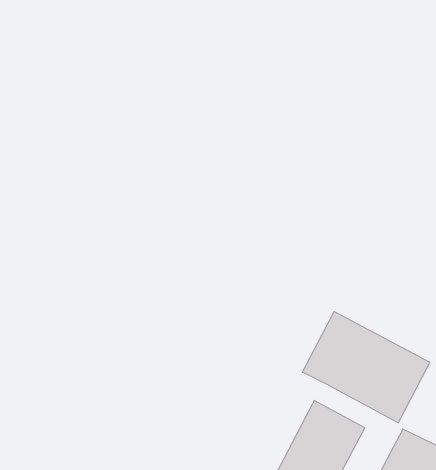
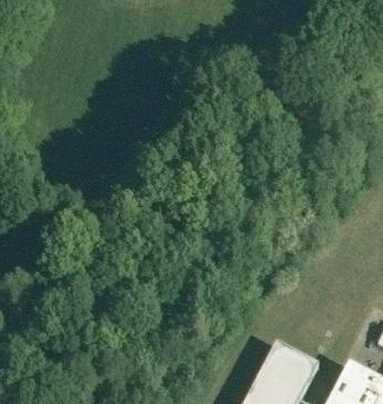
building: [302,312,430,423] -> none

